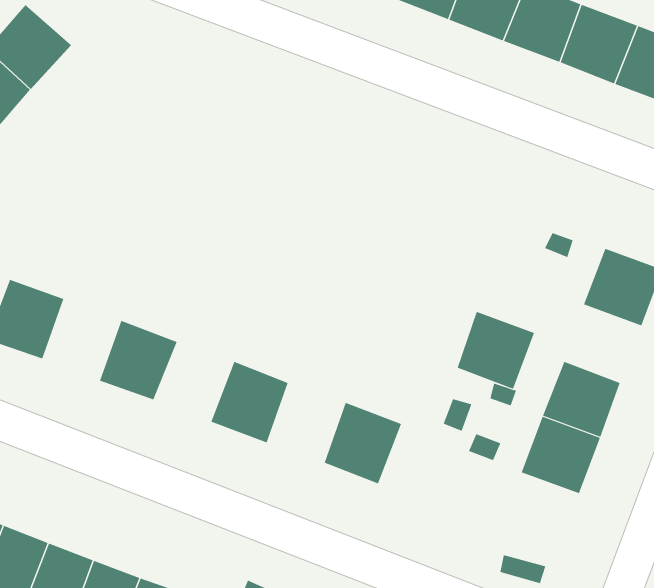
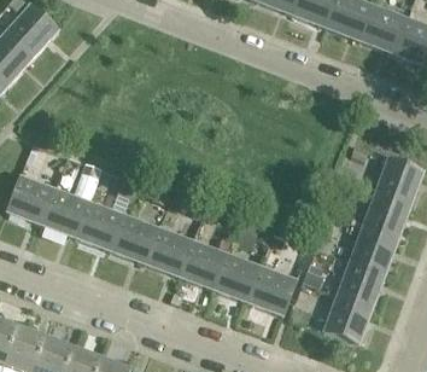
building: none -> [40,187,88,238]
building: [457,311,535,389] -> [362,191,410,239]
building: none -> [109,214,158,263]
building: none -> [179,239,227,289]
building: none -> [247,265,297,315]
building: none -> [323,295,372,343]

